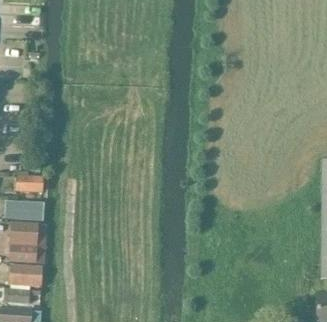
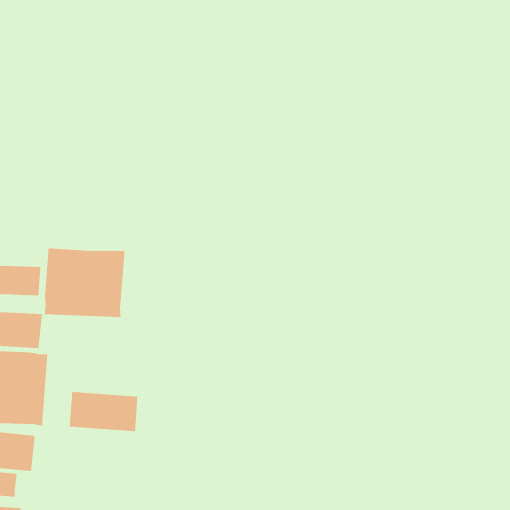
building: none -> [44,247,125,318]
building: none -> [69,391,138,432]

